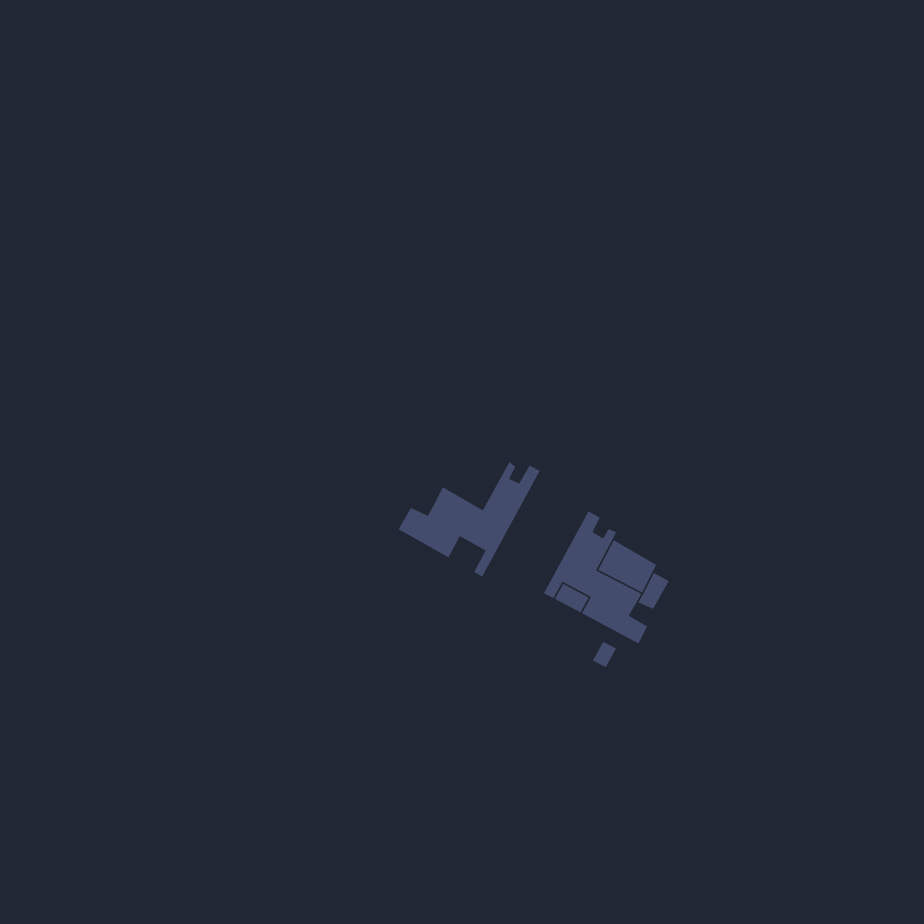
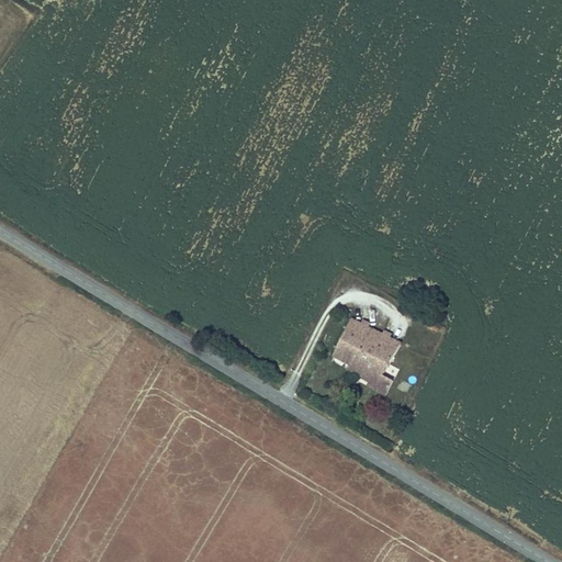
building: [397,461,541,578] -> none

